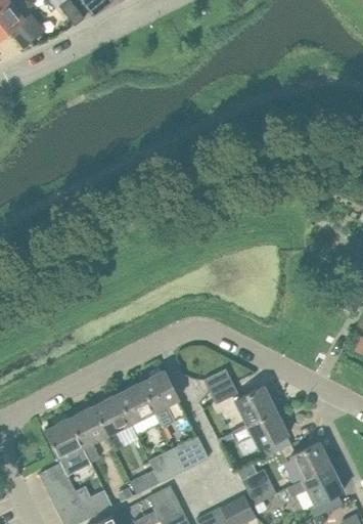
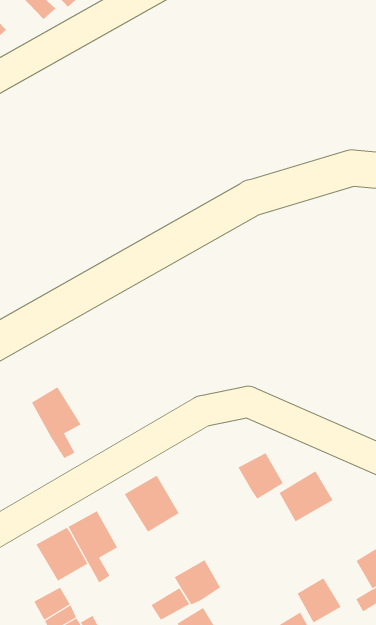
building: [141,370,180,428] -> none
building: [93,395,131,451] -> [31,386,82,459]
building: [230,409,291,456] -> none
building: [174,437,210,472] -> none

